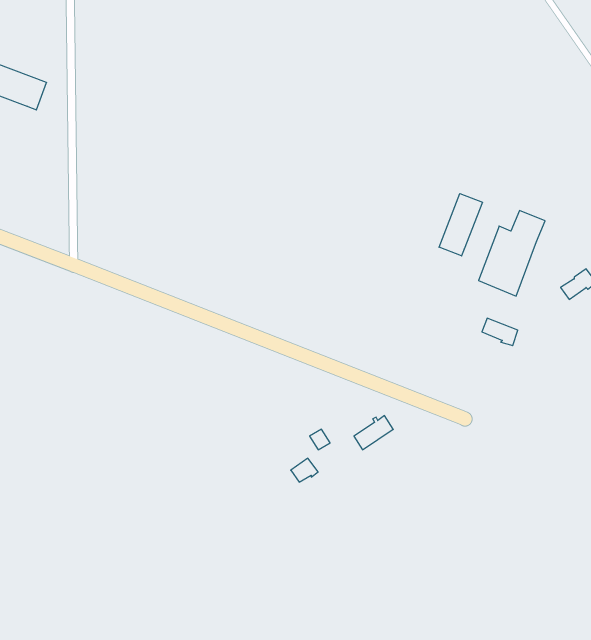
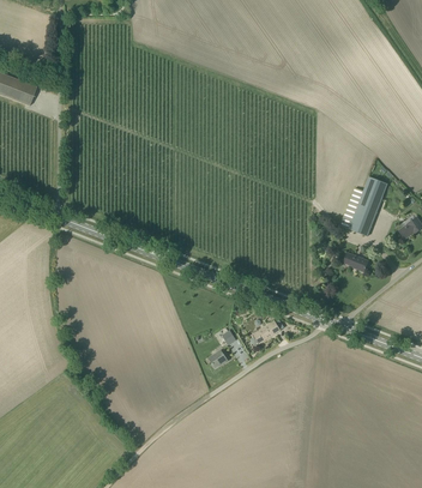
building: [439,194,482,256] -> none

